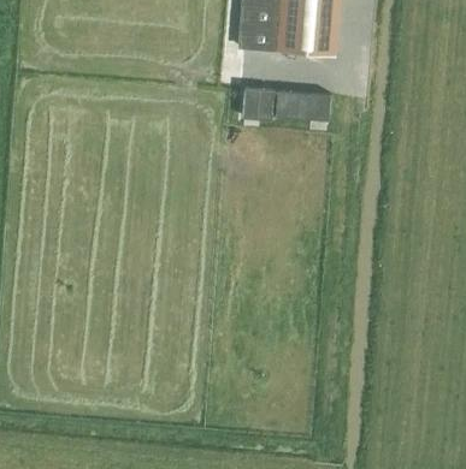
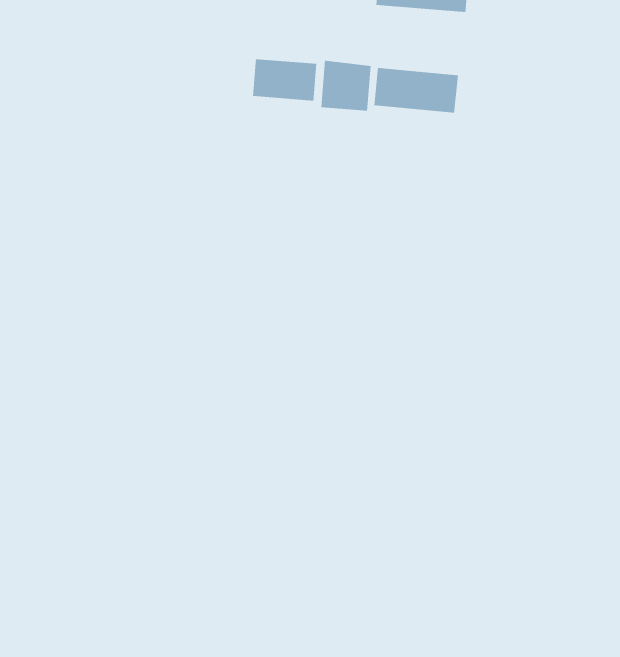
building: none -> [253,58,317,101]

